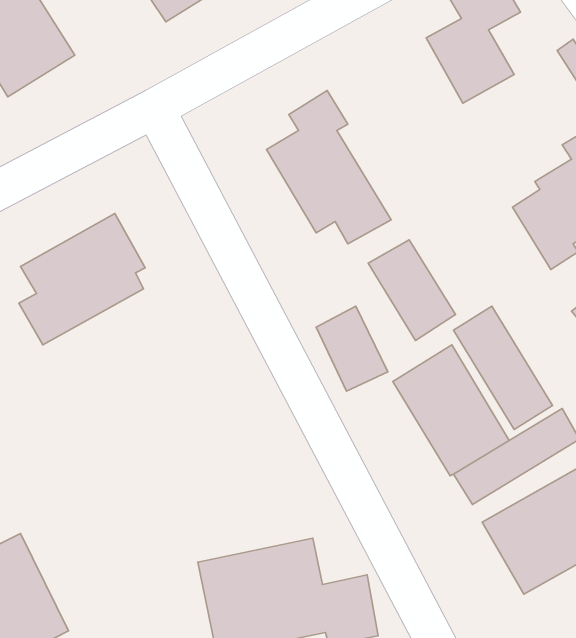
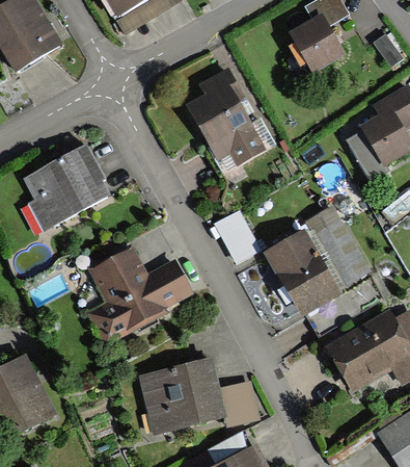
building: [368,240,456,340] -> none
building: none -> [89,250,189,340]

